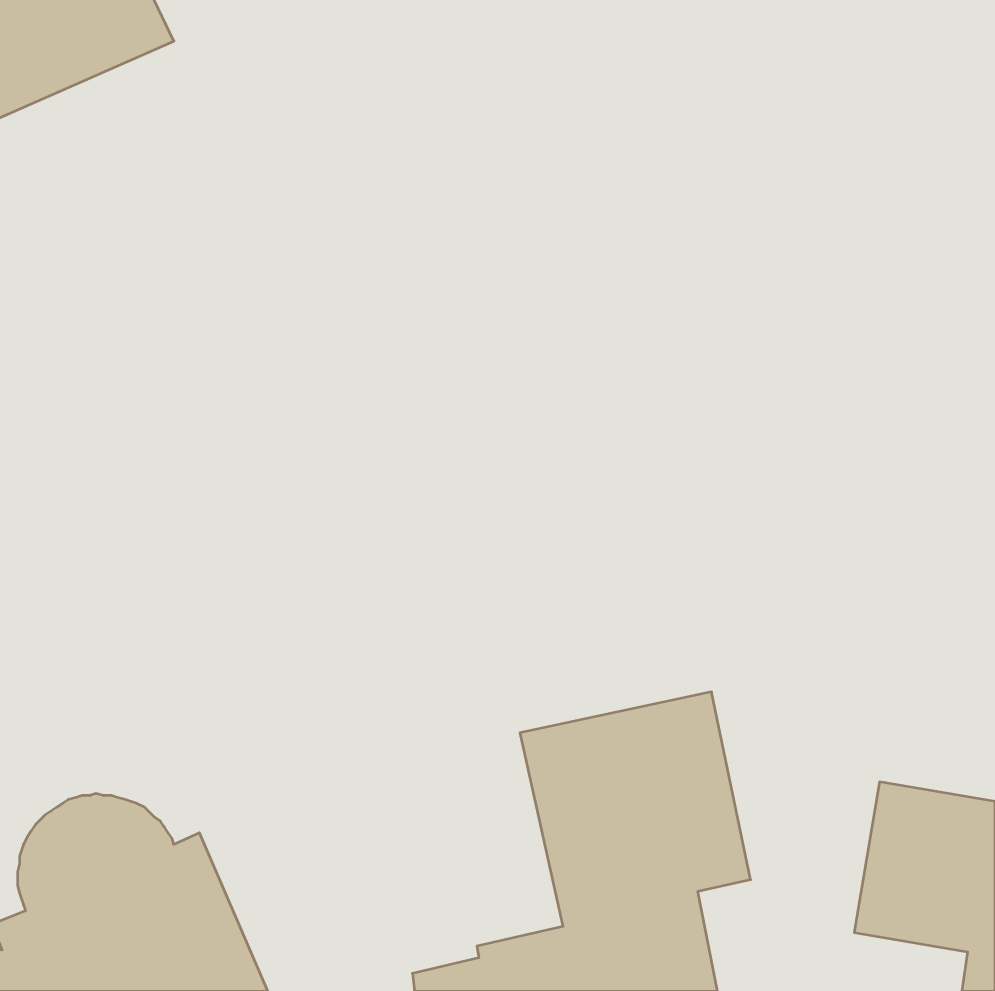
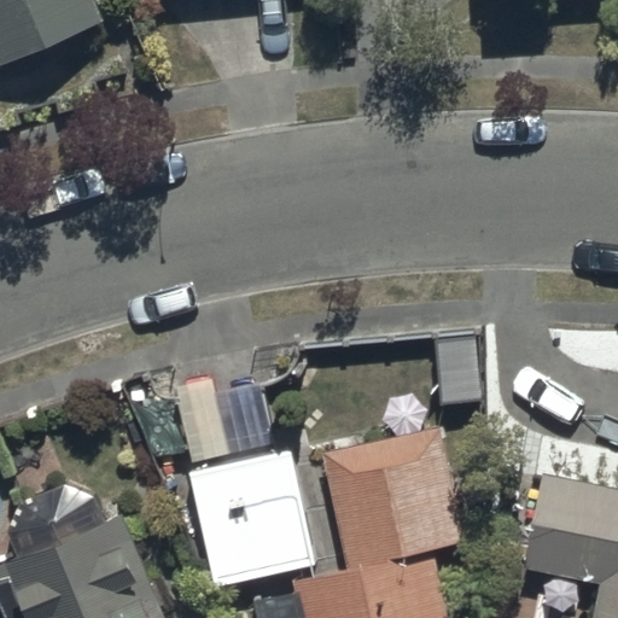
building: none -> [190,451,314,591]

